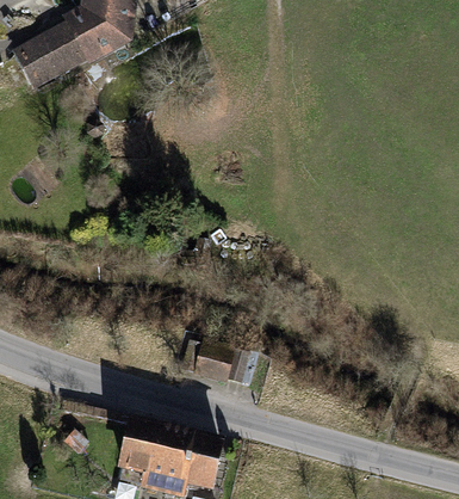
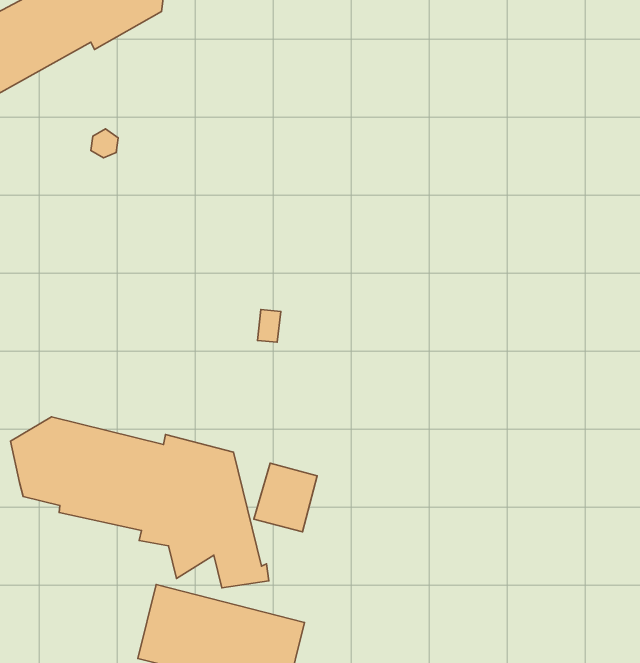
building: none -> [10,417,269,588]

